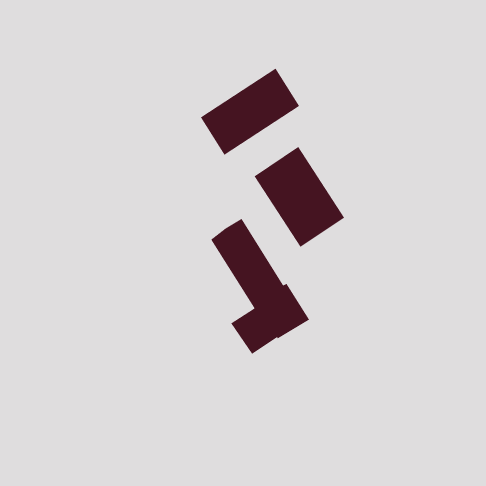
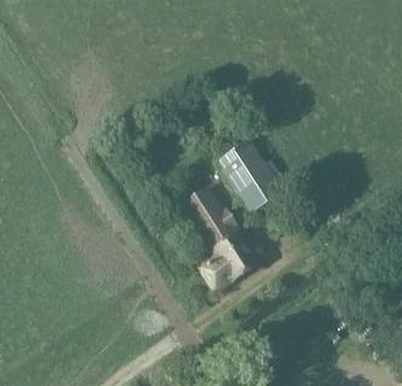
building: [200,68,300,156] -> none

